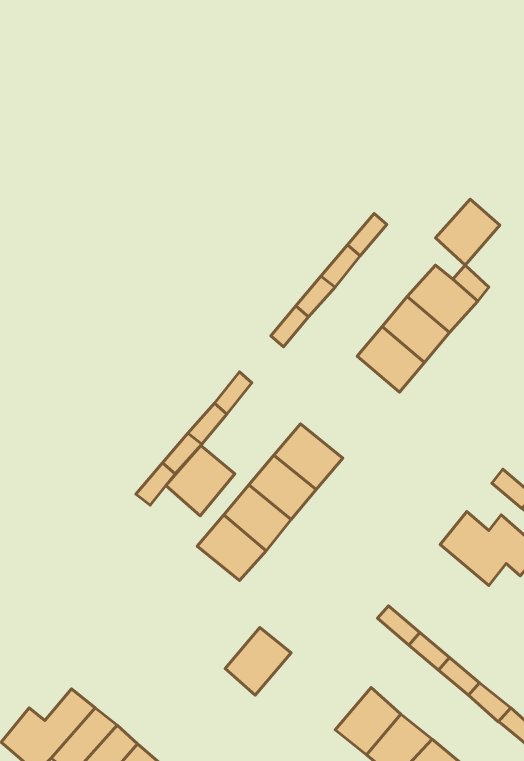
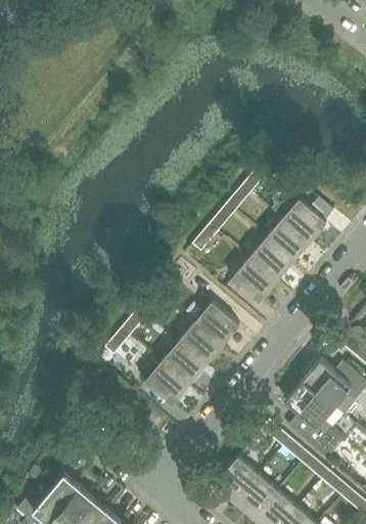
building: [435,199,500,265] -> none
building: none -> [232,258,276,302]
building: [166,445,235,516] -> none
building: none -> [285,381,346,461]
building: [225,628,291,695] -> [215,457,258,501]

